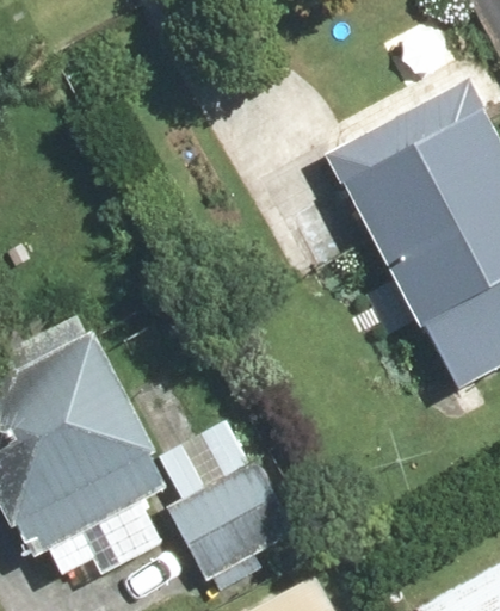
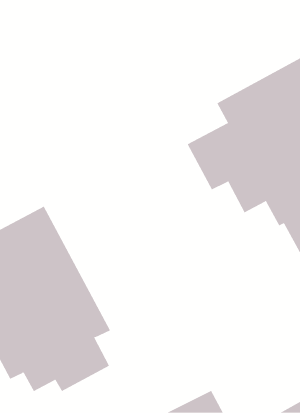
building: [162,416,303,593] -> none

